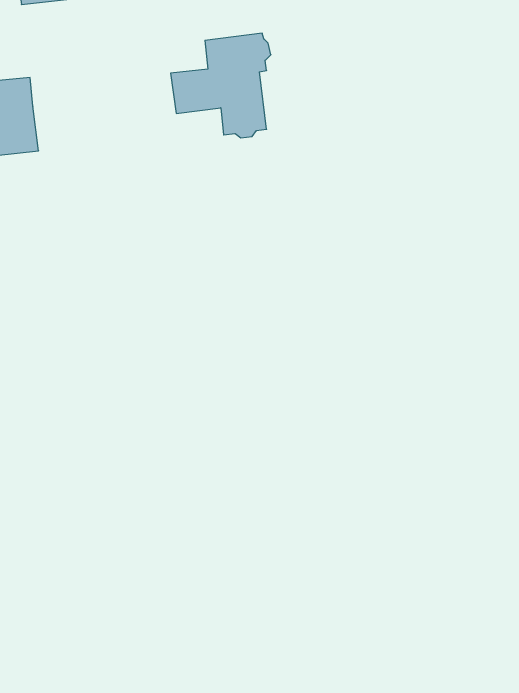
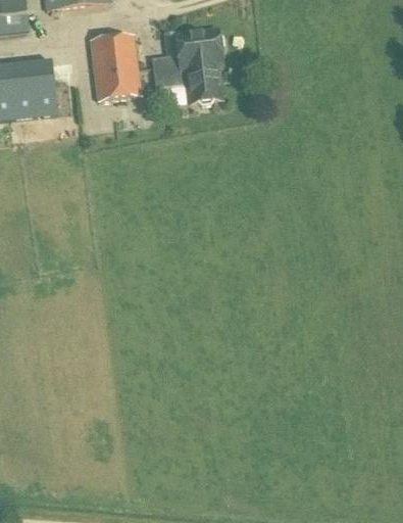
building: none -> [89,34,140,101]

